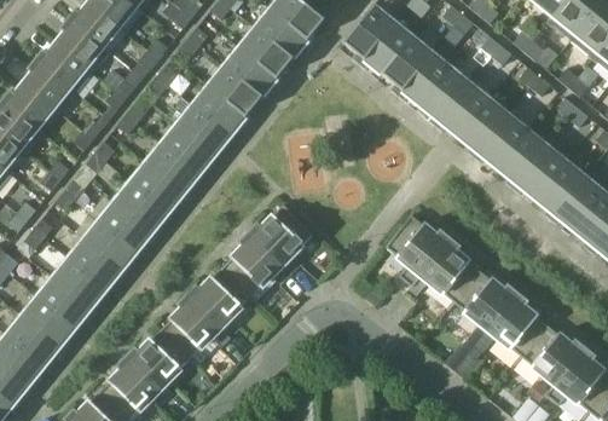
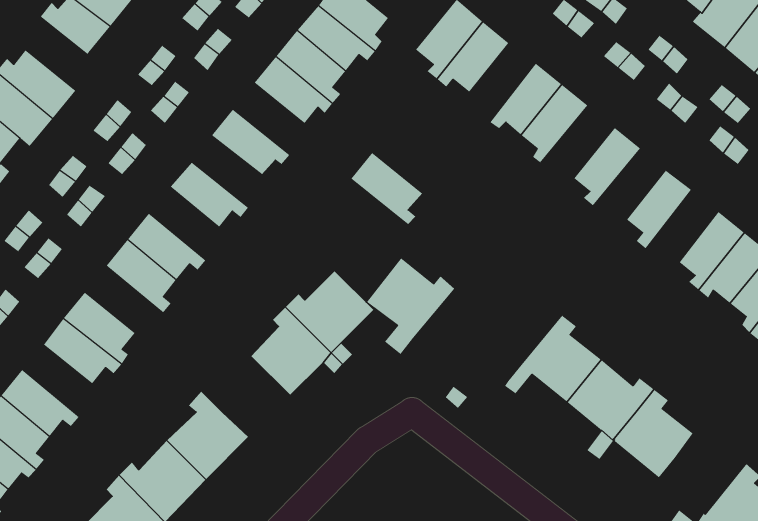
building: [56,17,110,71] -> none
building: [382,36,430,94] -> none
building: [208,65,261,119] -> [350,152,423,225]
building: [434,82,488,135] -> none
building: [178,104,230,157] -> none
building: [473,114,526,166] -> none
building: [146,142,198,196] -> none
building: [511,144,564,197] -> none
building: [99,200,157,249] -> none
building: [384,213,450,284] -> [366,257,455,355]
building: [53,258,105,311] -> none
building: [185,266,250,325] -> none
building: [521,323,585,382] -> none

